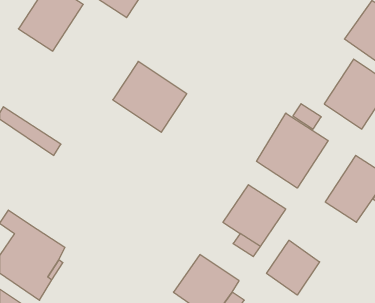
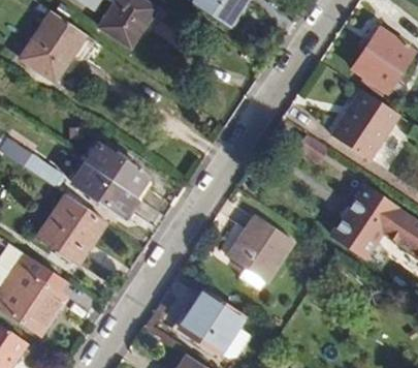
building: [113,61,187,132] -> [72,144,148,216]
building: [257,113,328,188] -> none
building: none -> [38,194,106,263]
building: [267,240,320,295] -> none

